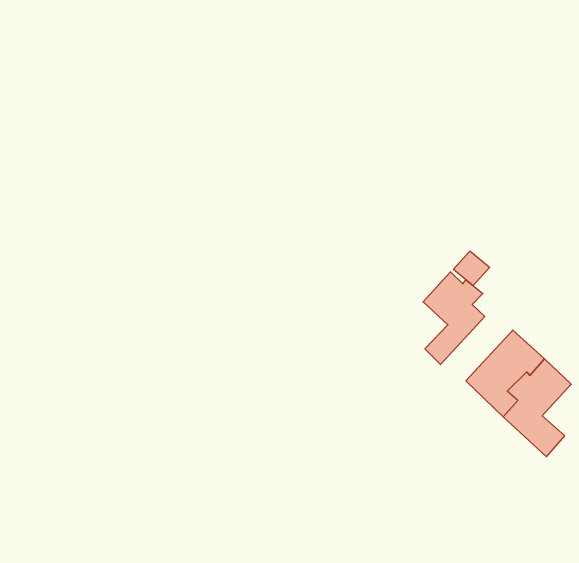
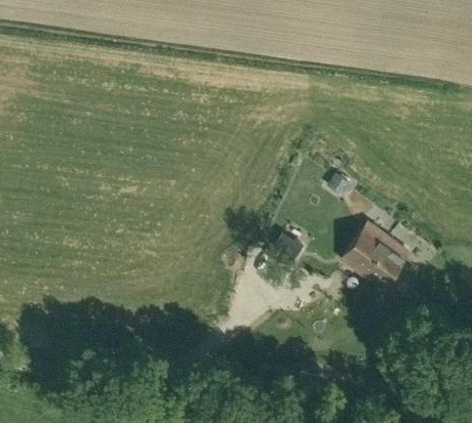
building: [423,272,485,365] -> none

